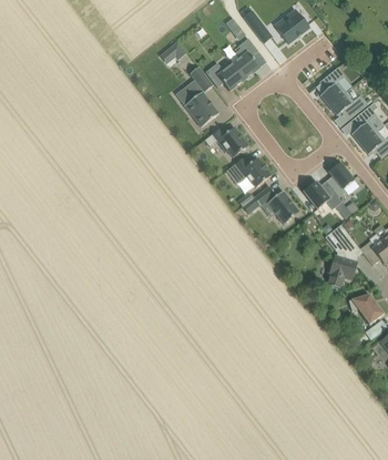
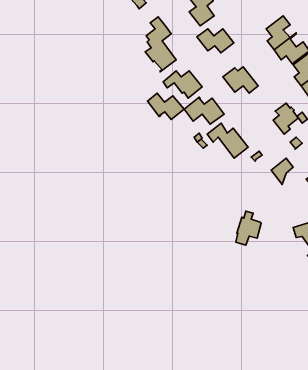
building: [204,62,245,89] -> [197,29,234,53]
building: none -> [148,93,184,120]
building: [303,181,341,209] -> [223,67,258,93]
building: [328,249,356,287] -> [236,211,261,245]

